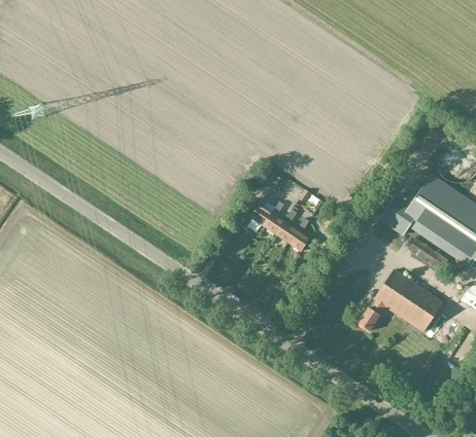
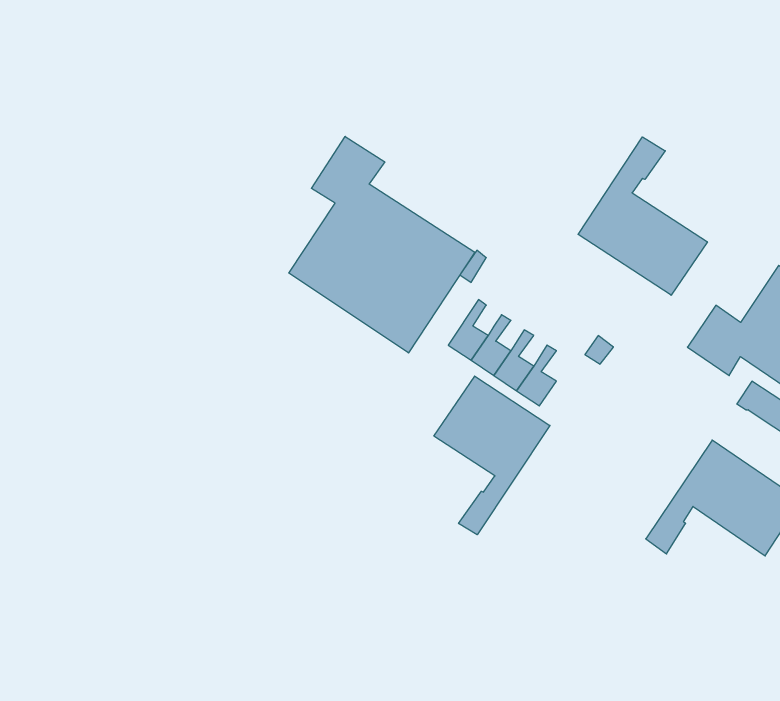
building: none -> [289,136,475,353]
building: none -> [578,137,707,295]
building: none -> [434,376,550,535]

